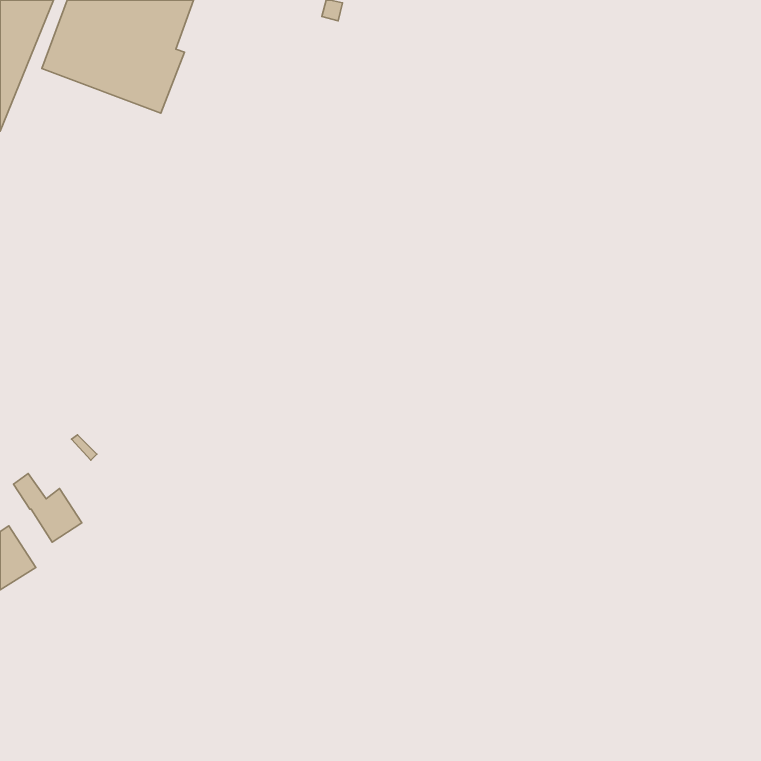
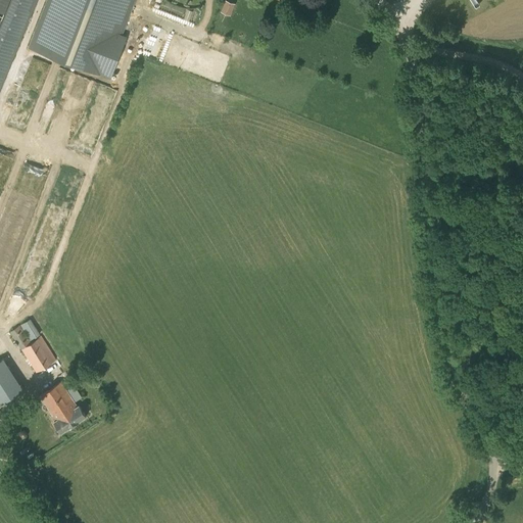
building: none -> [39,381,86,432]

